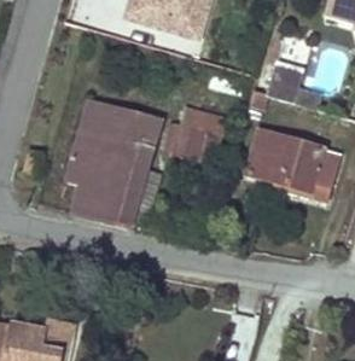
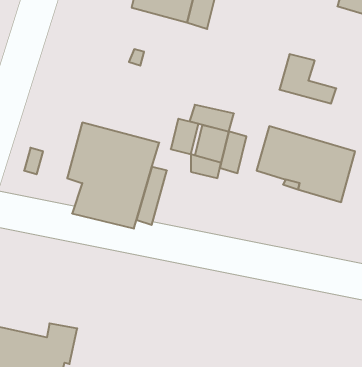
building: [80,99,161,145] -> none

